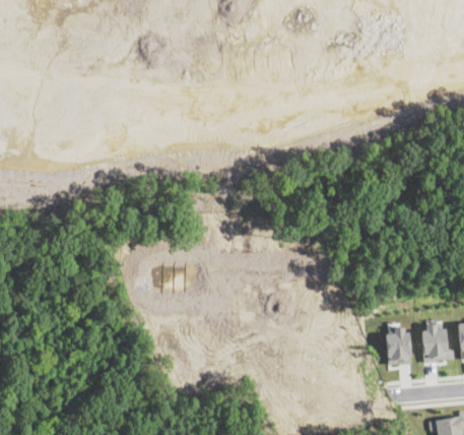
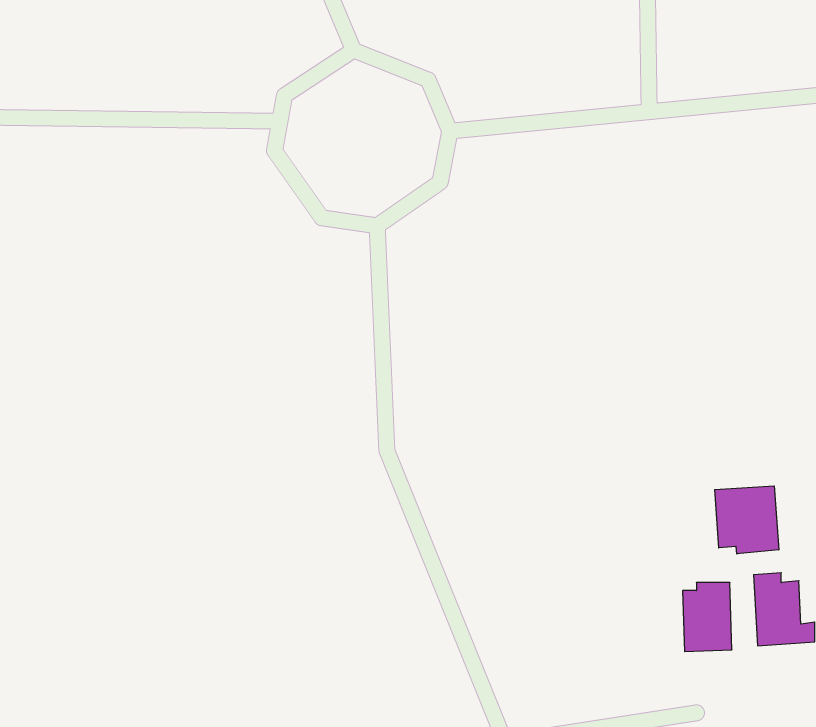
building: none -> [715,486,779,554]

